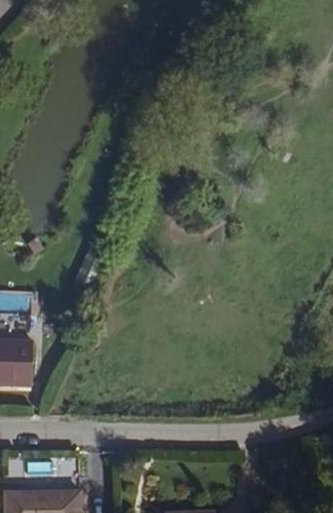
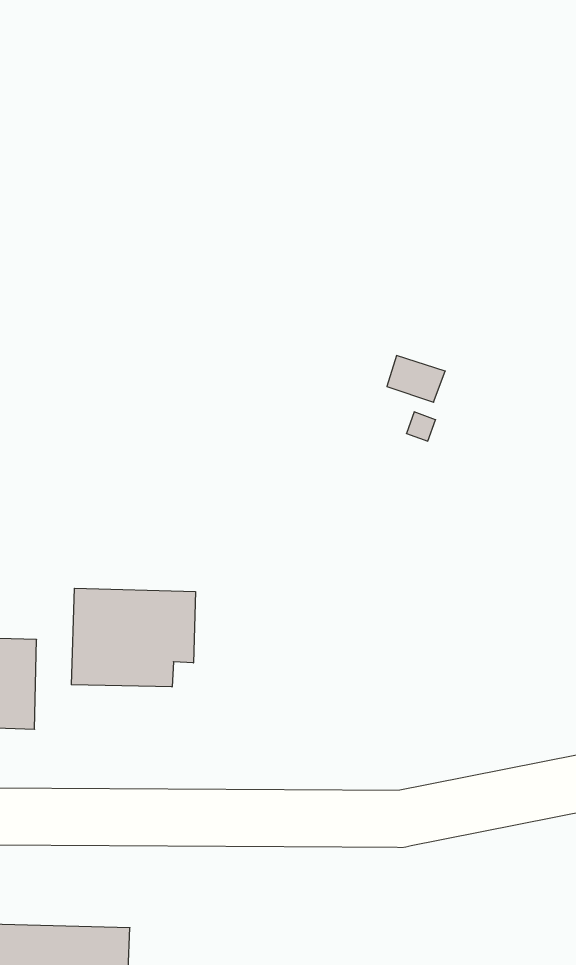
building: none -> [71,588,195,687]

